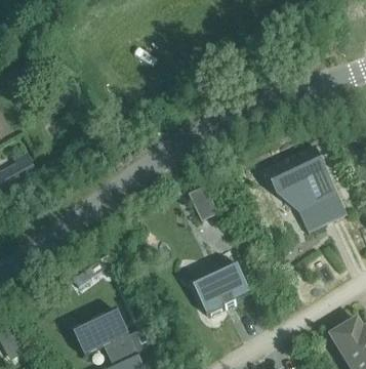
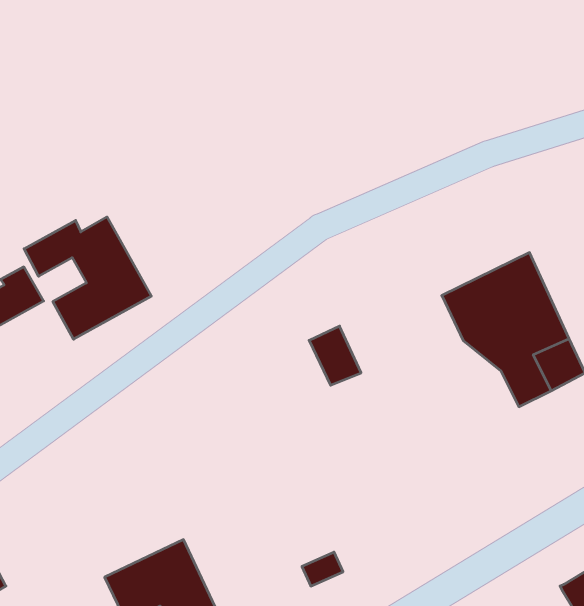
building: none -> [24,217,151,339]
building: [192,259,251,314] -> none

